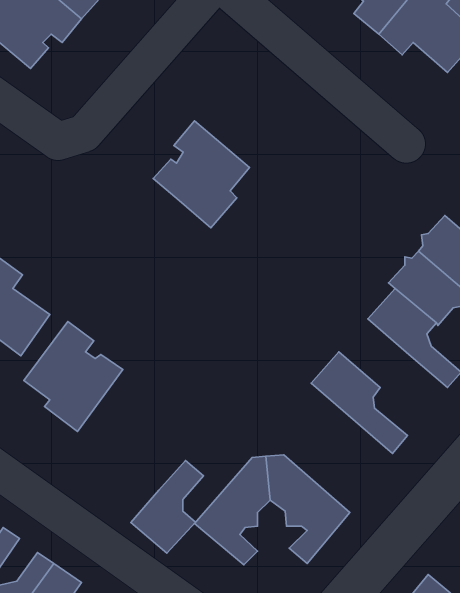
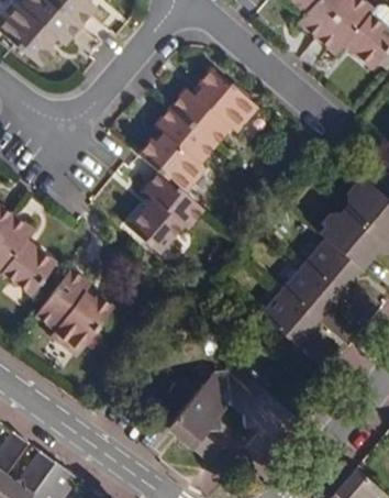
building: none -> [168,66,256,143]
building: none -> [126,169,201,251]
building: none -> [284,264,359,345]
building: [131,461,204,553] -> none

